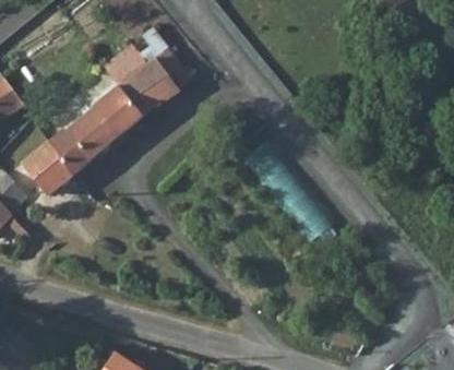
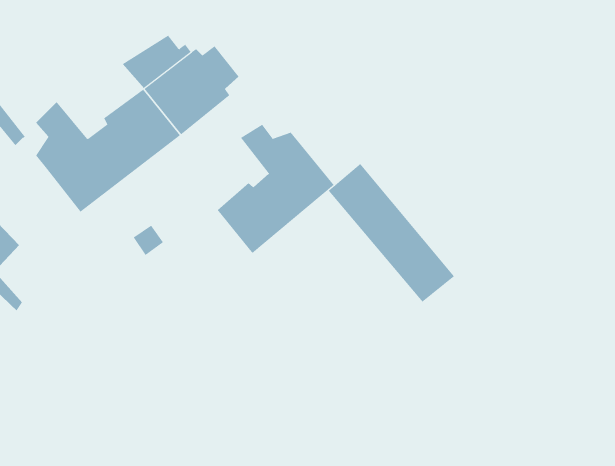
building: none -> [217,124,335,254]
building: [22,142,72,194] -> none

